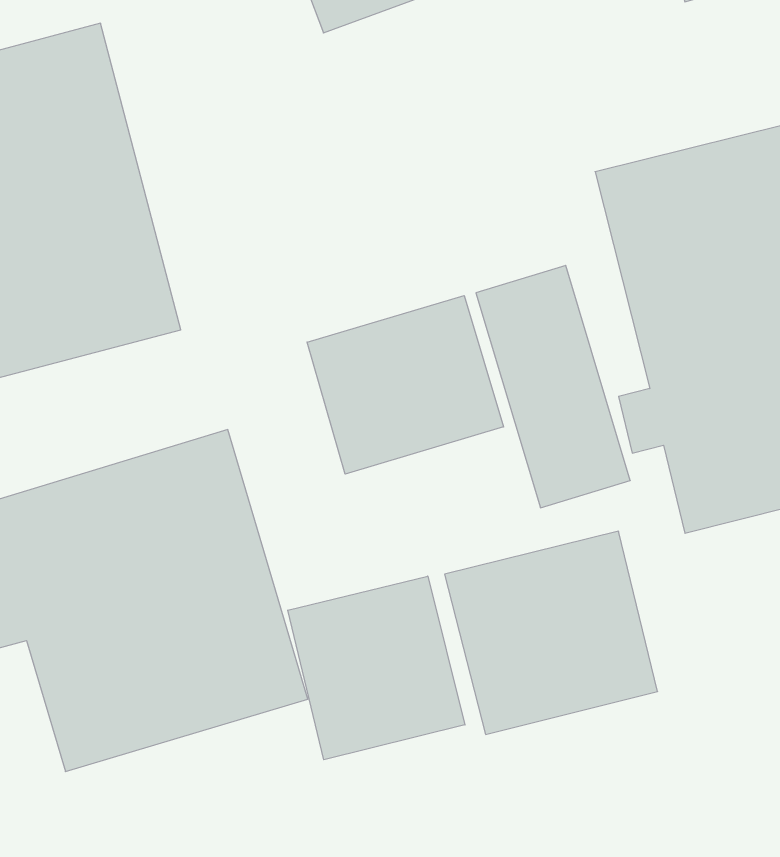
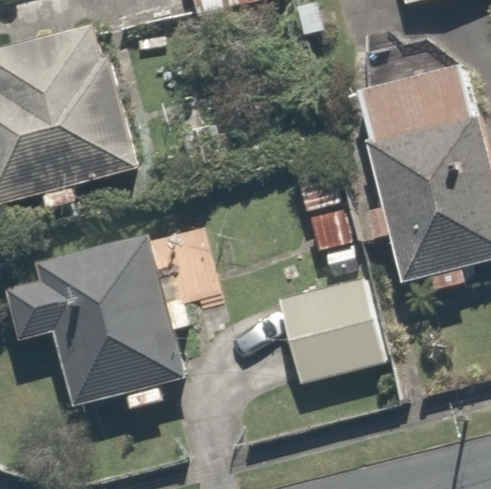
building: [307,296,504,474] -> none
building: [288,576,465,760] -> none

